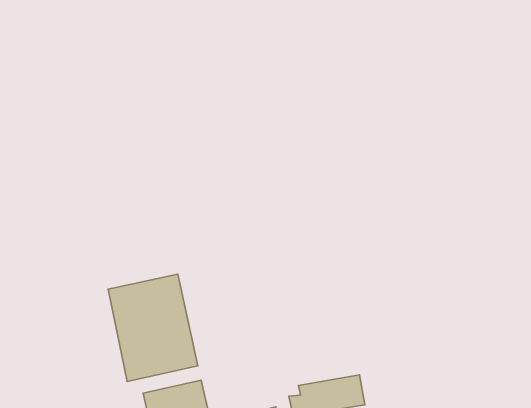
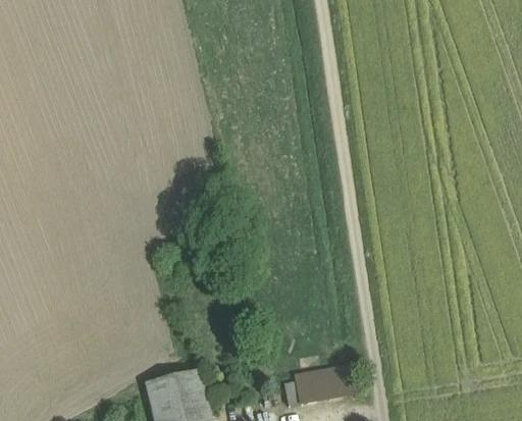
building: [108,274,198,381] -> none

